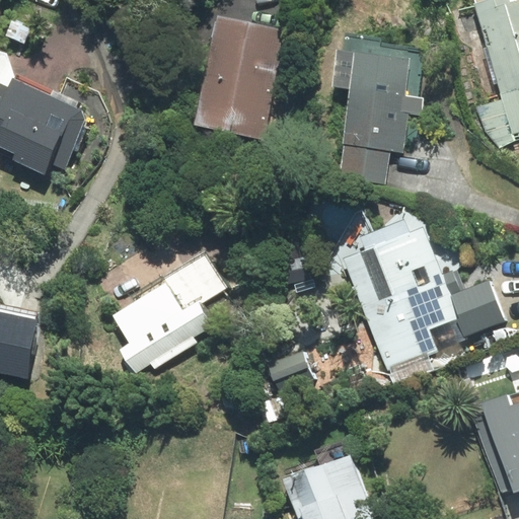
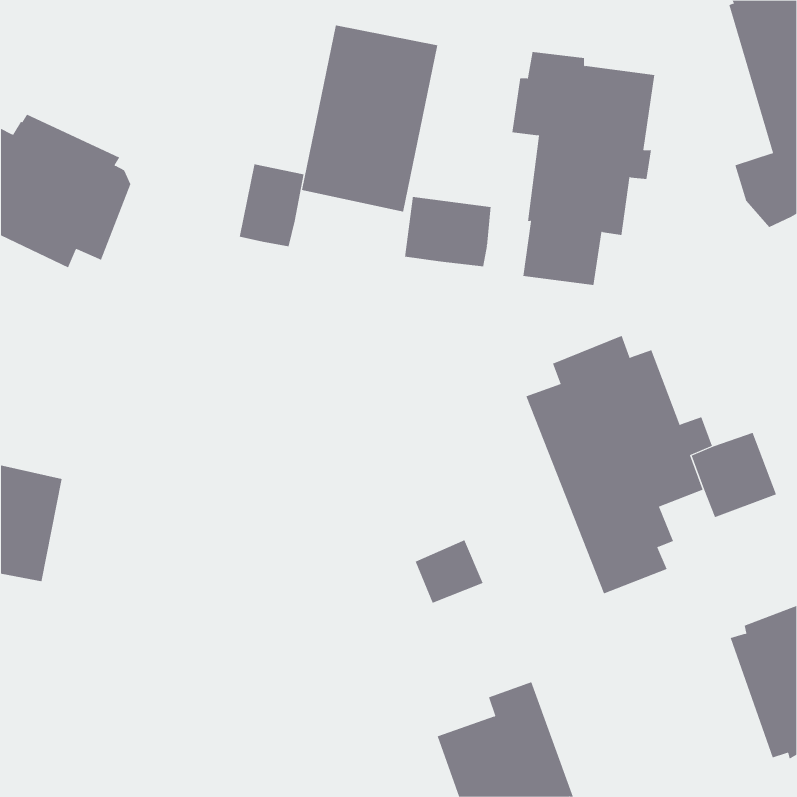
building: none -> [239,163,304,247]
building: none -> [405,196,491,267]
building: [115,253,227,373] -> none

